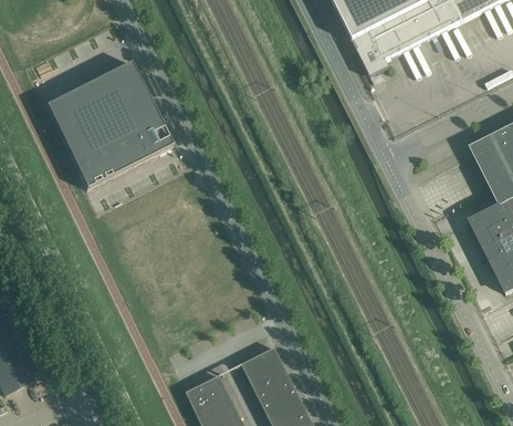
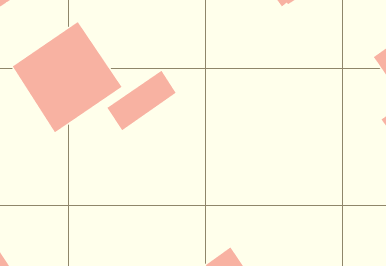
building: none -> [106,70,177,131]

